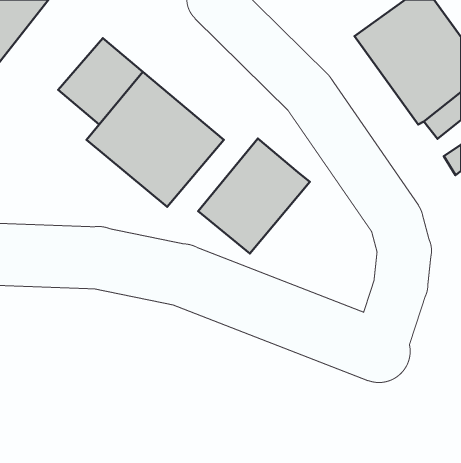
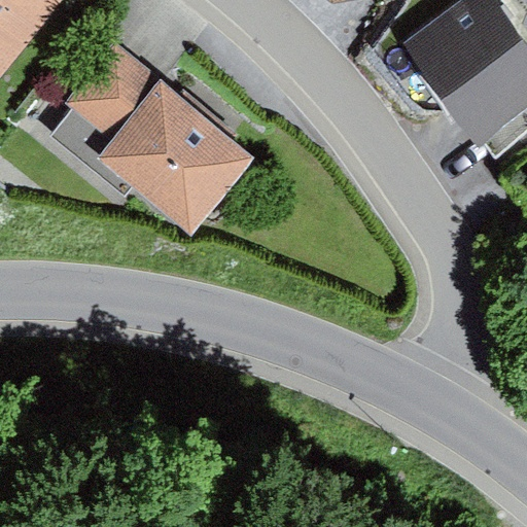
building: [198,139,310,254] -> none

